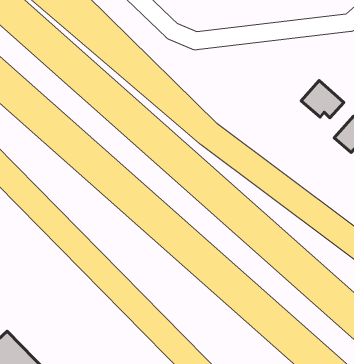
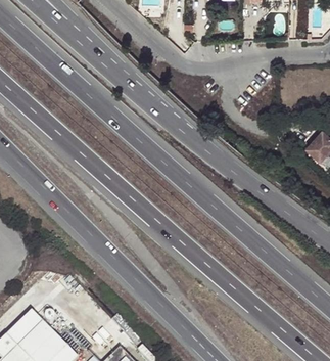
building: [301,81,344,118] -> none

